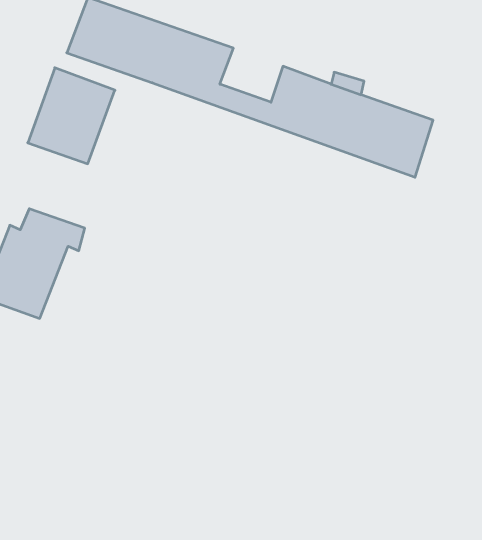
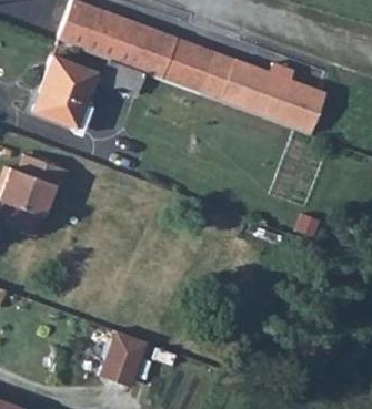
building: none -> [171,40,218,80]
building: none -> [100,326,149,384]

